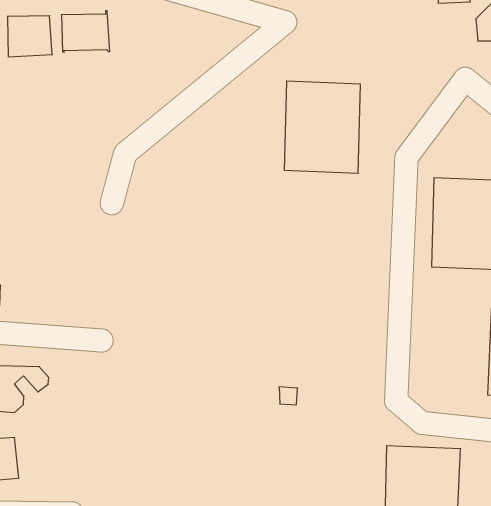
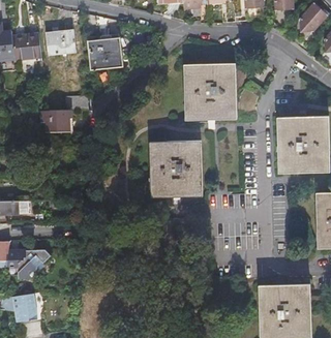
building: none -> [87,38,121,70]
building: none -> [42,111,72,132]
building: none -> [151,142,199,198]

